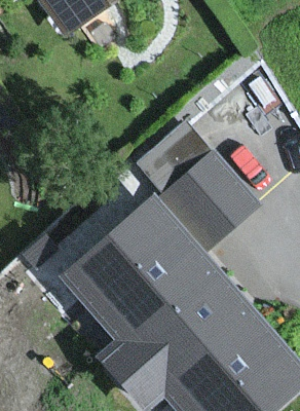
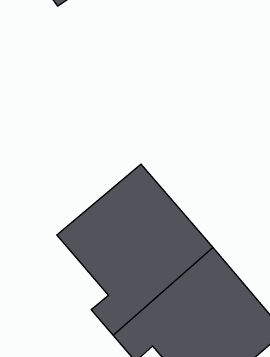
building: [173,152,257,238] -> none

